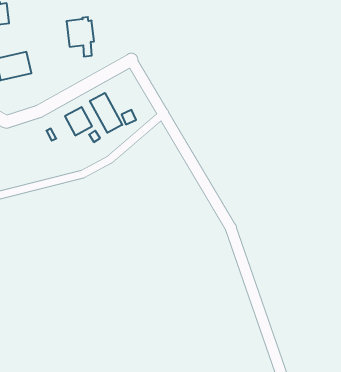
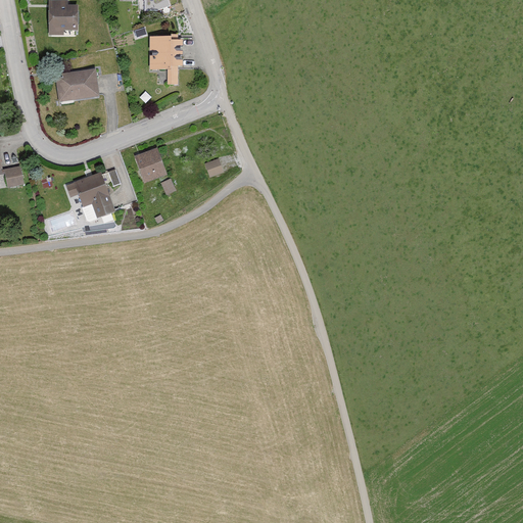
building: [90,93,122,133] -> none
building: none -> [64,171,113,217]

